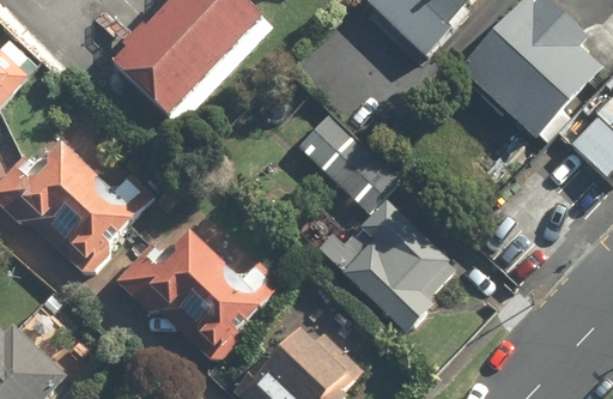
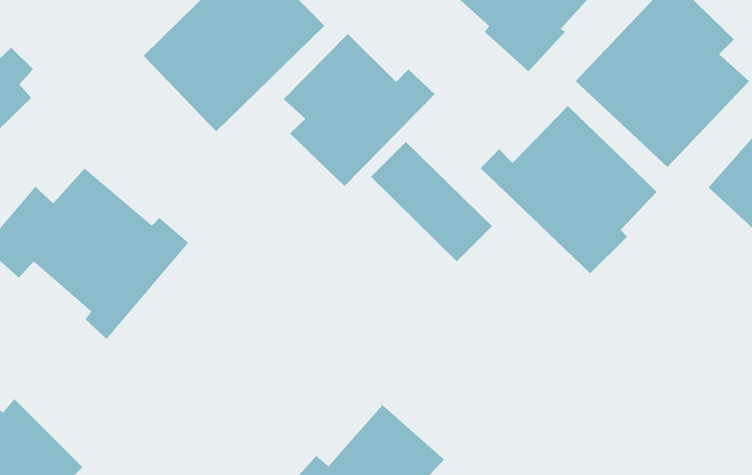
building: none -> [283,33,436,187]
building: [318,200,461,335] -> [480,105,658,274]
building: [116,230,281,349] -> none

